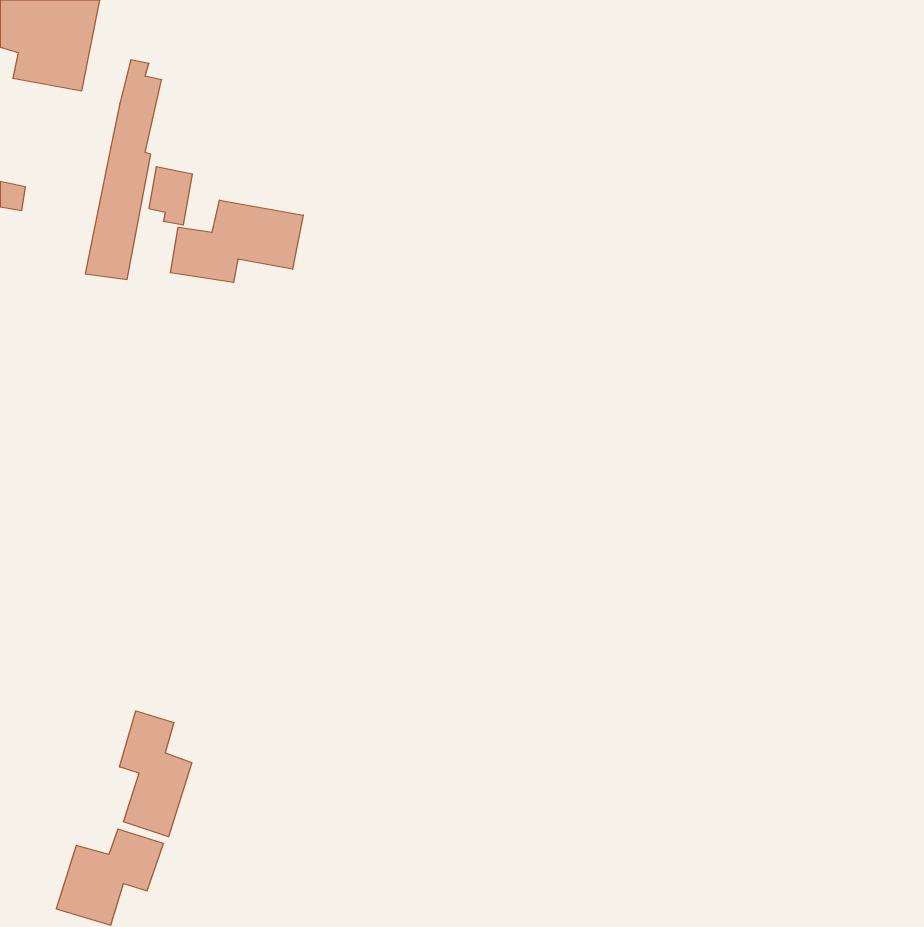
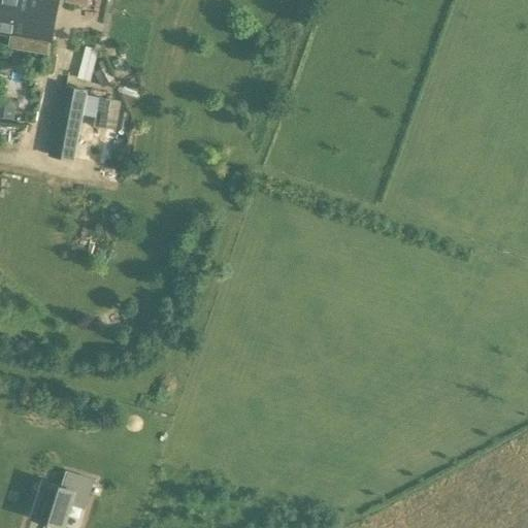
building: [170,200,303,283] -> none
building: [119,711,192,837] -> none

